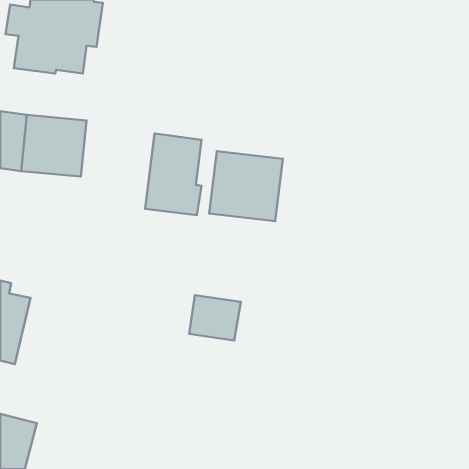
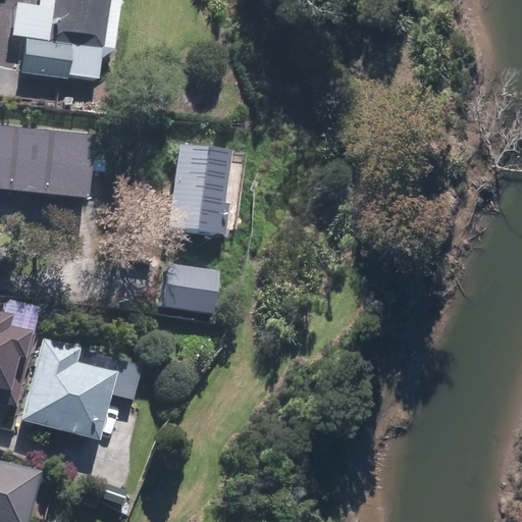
building: [209,151,283,221] -> none
building: [189,295,241,340] -> [158,265,215,315]
building: none -> [21,337,145,438]

